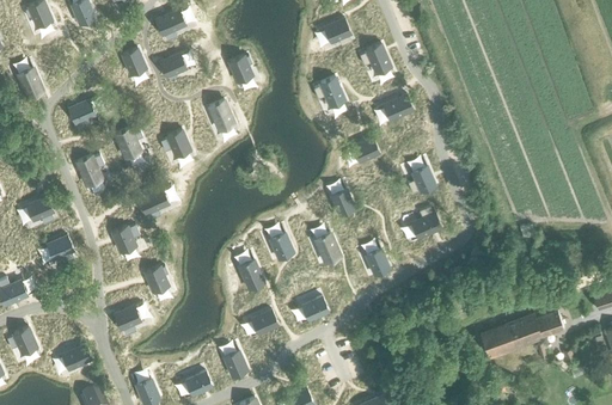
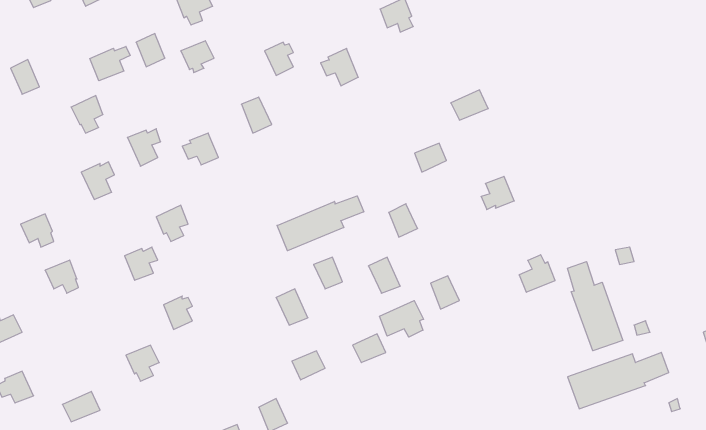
building: [359,42,391,73] -> none
building: none -> [90,46,130,81]
building: [313,75,344,106] -> [321,48,358,86]
building: none -> [277,196,364,251]
building: [411,205,441,237] -> [519,255,555,292]
building: none -> [567,262,623,351]
building: none -> [379,301,424,337]

